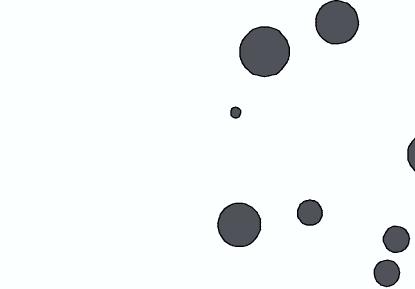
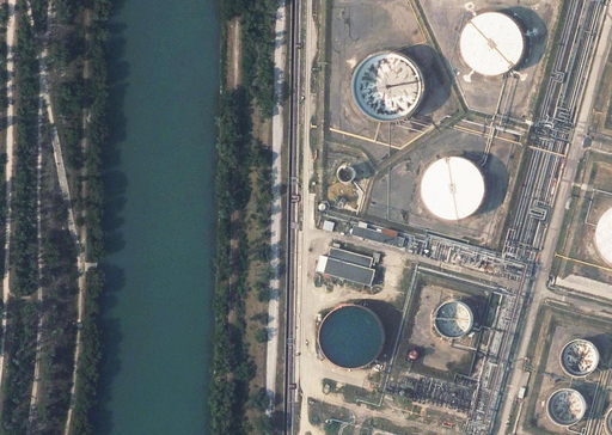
building: none -> [421,157,484,219]
building: none -> [322,247,373,286]

